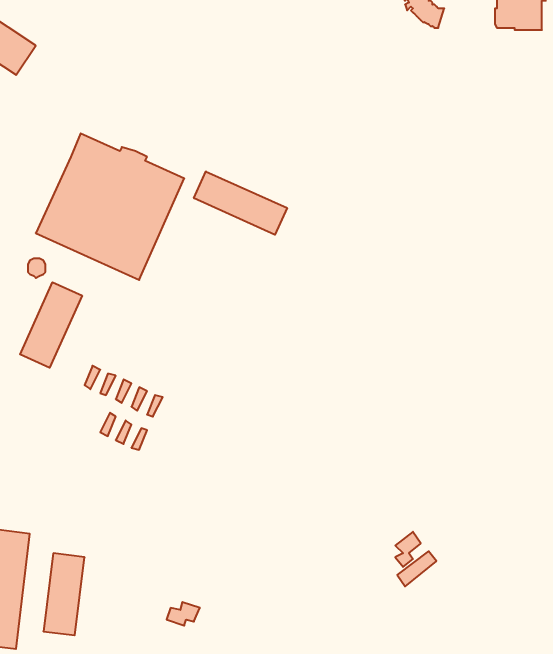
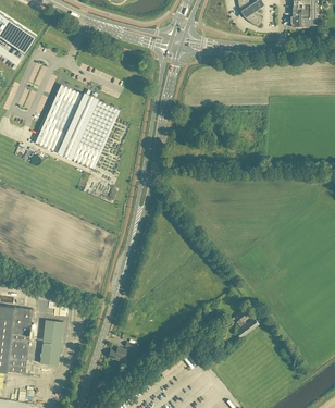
building: [194,171,287,235] -> none
building: [20,282,82,368] -> none

